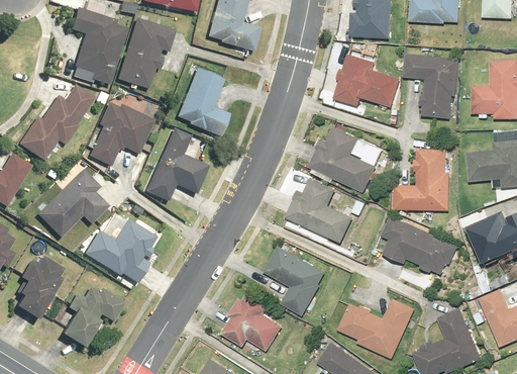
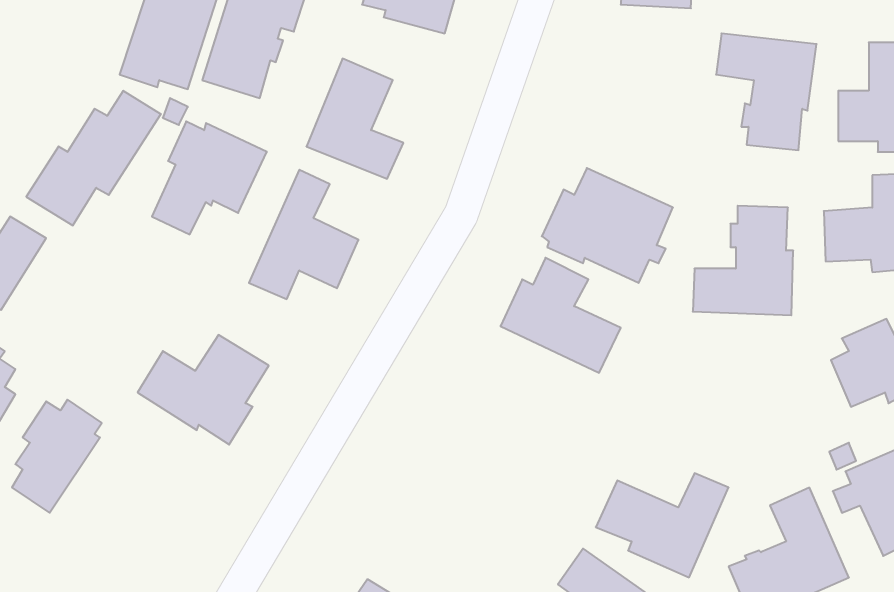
building: [334,52,403,106] -> none
building: [33,171,106,239] -> none
building: [381,216,456,273] -> none
building: [264,247,324,314] -> none
building: [56,287,120,348] -> none
building: [221,291,282,351] -> none

